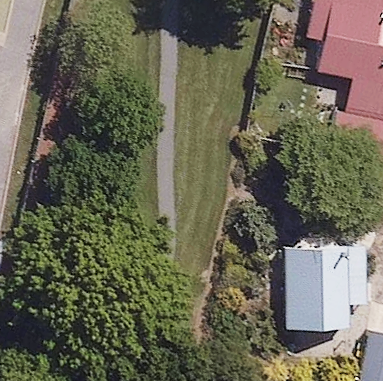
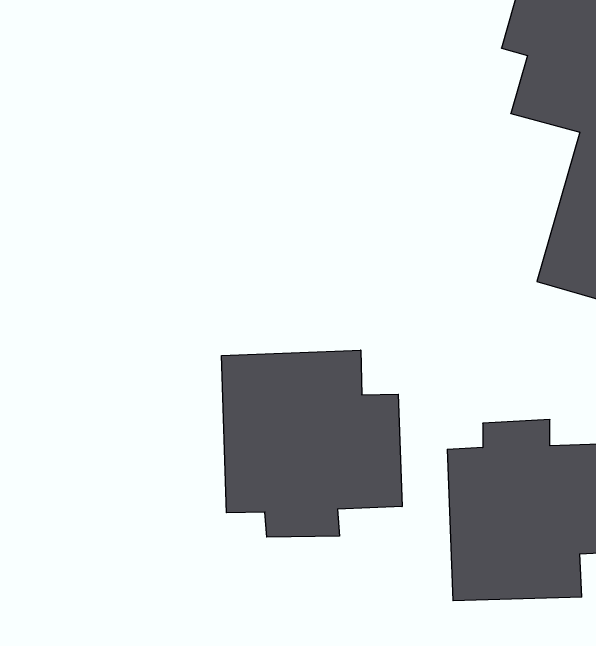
building: none -> [222,350,402,537]

